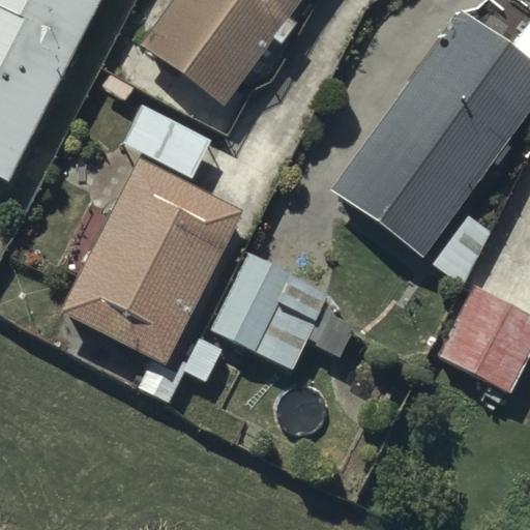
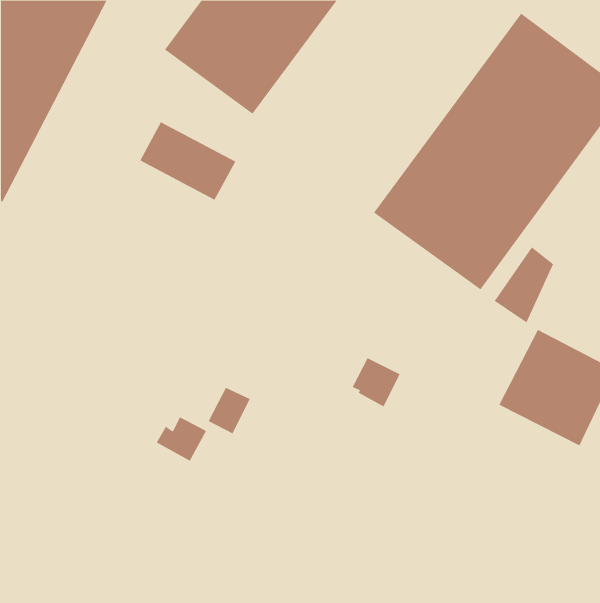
building: [61,159,242,364] -> none
building: [213,256,329,370] -> none

